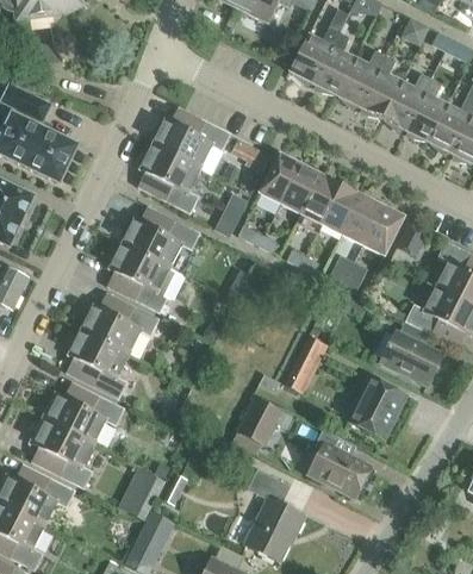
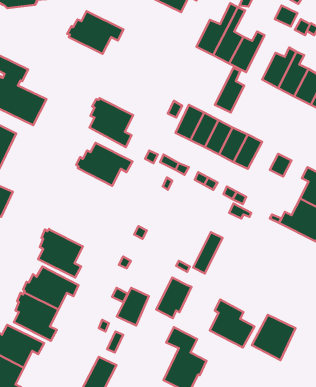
building: [360,55,402,118] -> [215,68,244,112]
building: [150,107,230,168] -> [67,11,124,54]
building: [362,206,404,255] -> none
building: [107,243,182,312] -> none
building: [79,293,158,354] -> none
building: [374,329,442,385] -> none
building: [346,375,407,439] -> [252,315,296,360]
building: [118,466,163,519] -> [117,288,149,326]

